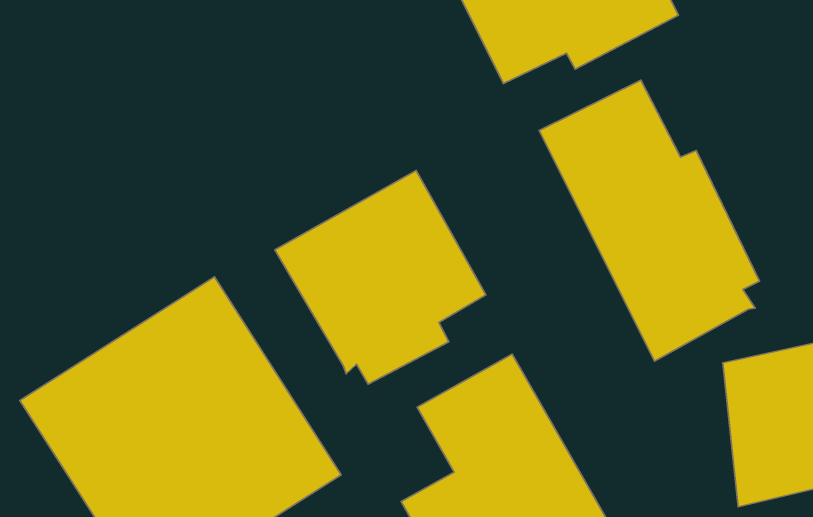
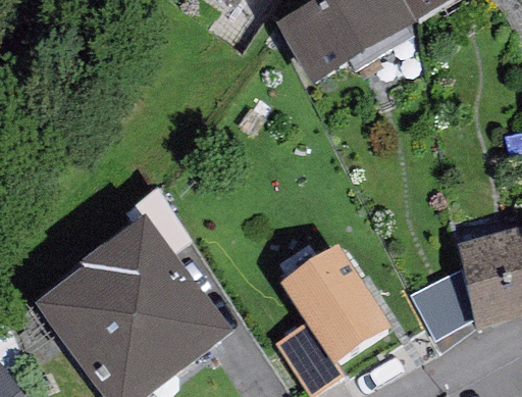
building: [539,80,759,361] -> none
building: [275,171,486,384] -> none

